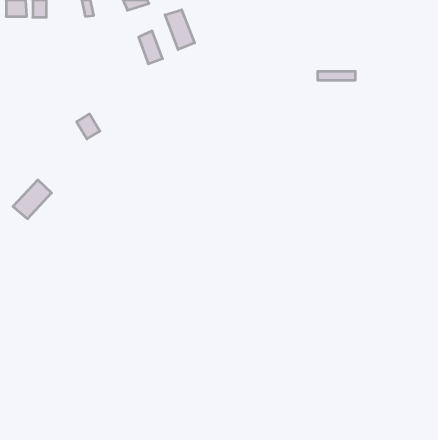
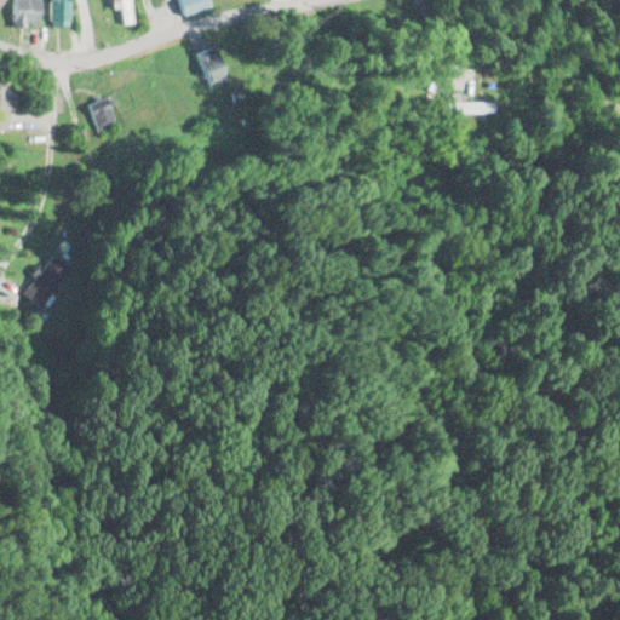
building: [165,10,195,50] -> none
building: [77,114,100,139] -> [88,96,121,131]

